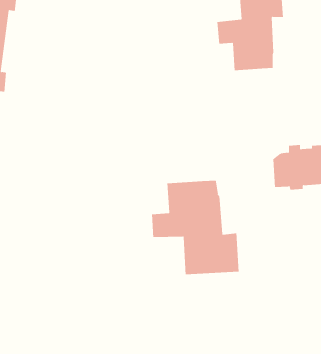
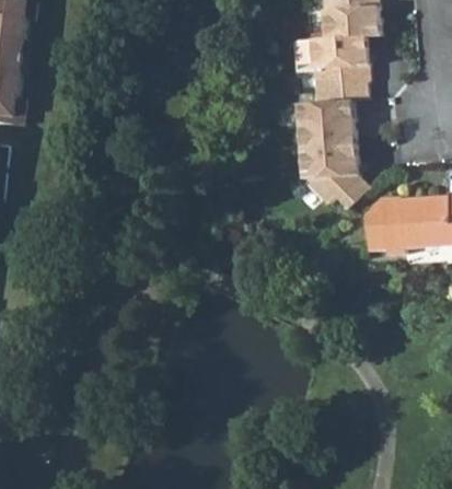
building: none -> [297,97,370,208]
building: [151,180,239,275] -> none

